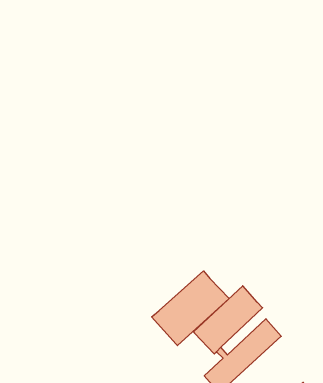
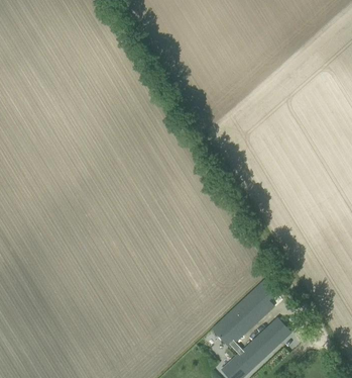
building: [152,271,229,346] -> none

